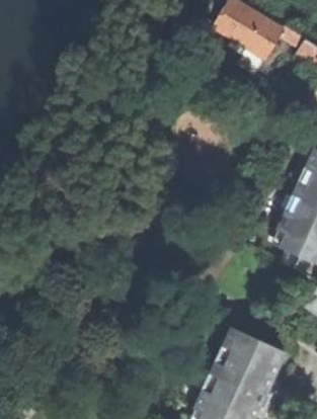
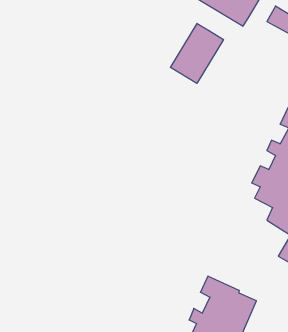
building: none -> [170,23,223,83]

